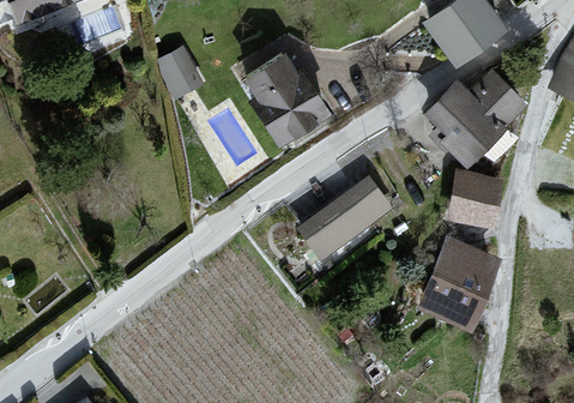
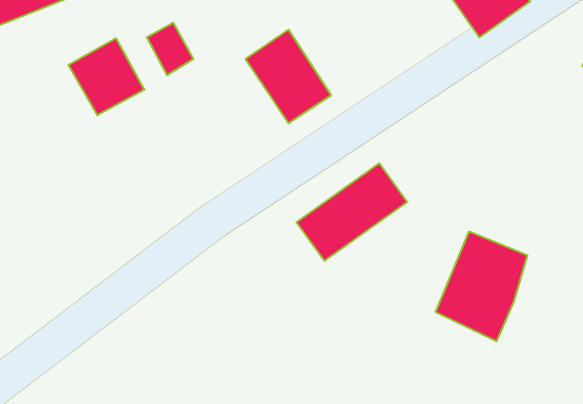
building: none -> [68,38,144,115]
building: [431,71,526,160] -> none
building: [452,167,502,218] -> none

